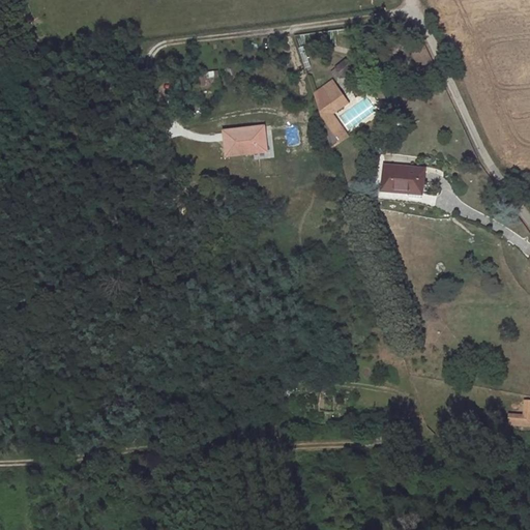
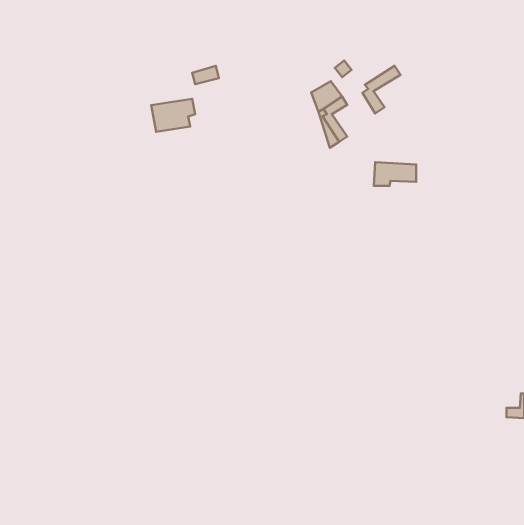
building: none -> [362,66,400,113]
building: [224,125,268,158] -> [151,99,195,132]

